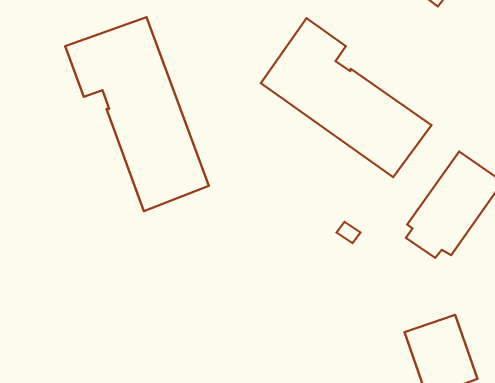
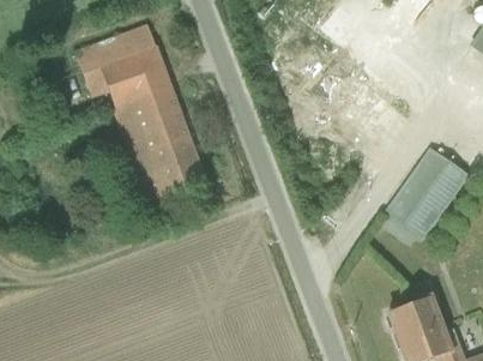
building: [261,18,431,177] -> none

